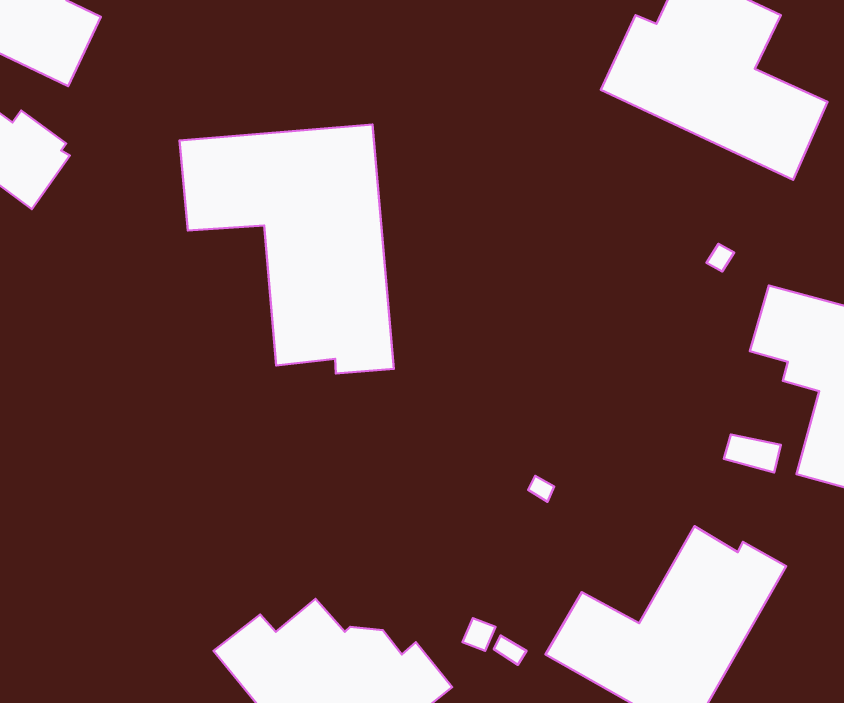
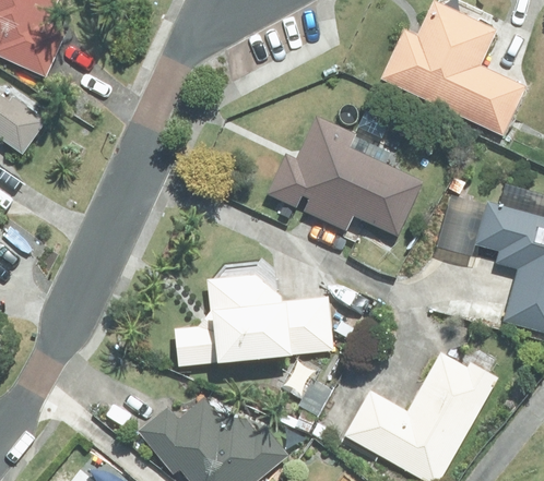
building: [179,124,394,374] -> none
building: none -> [268,116,422,236]
building: none -> [173,276,332,365]

